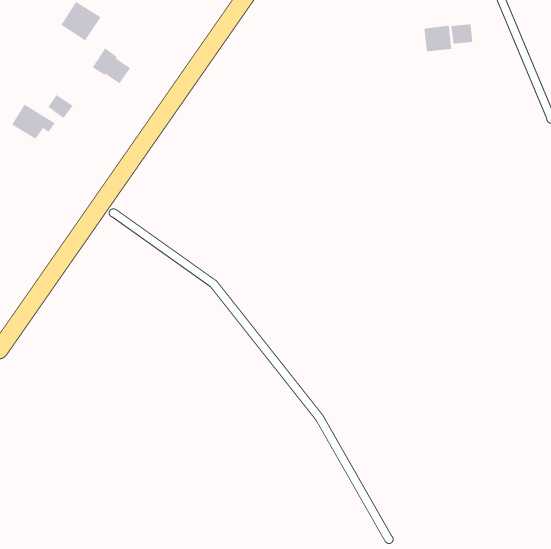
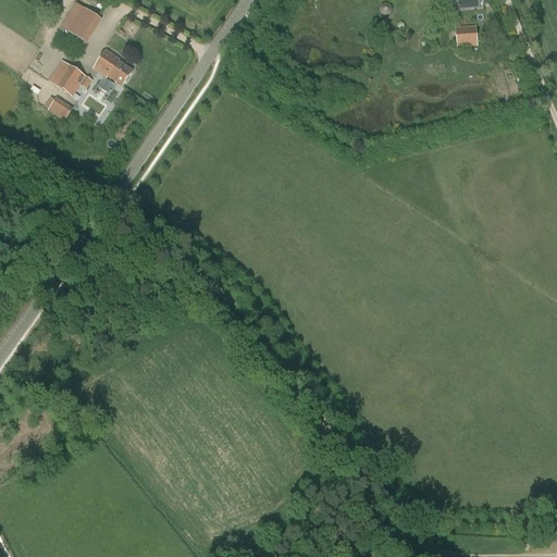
building: [424,25,452,52] -> none
building: [11,104,55,139] -> [47,59,91,95]

